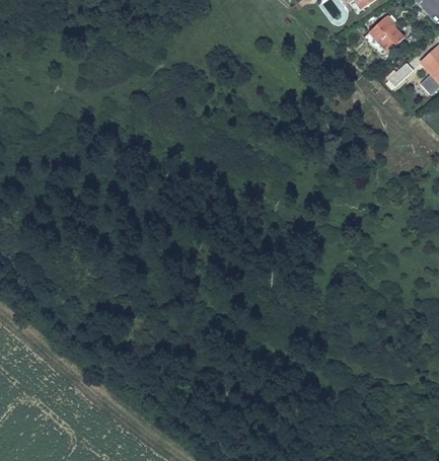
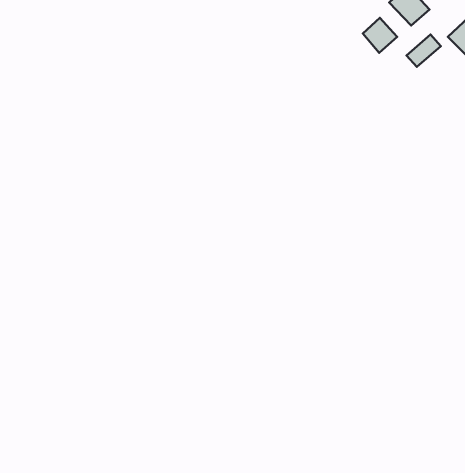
building: none -> [363,18,397,53]

